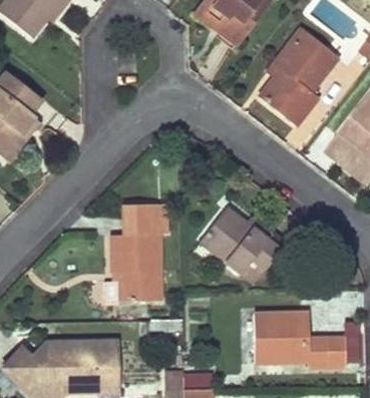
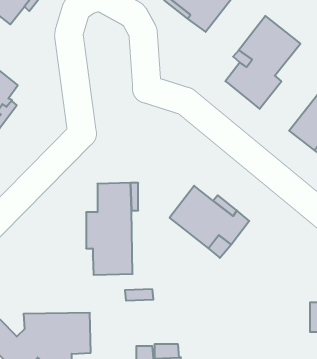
building: [253,311,344,367] -> none

